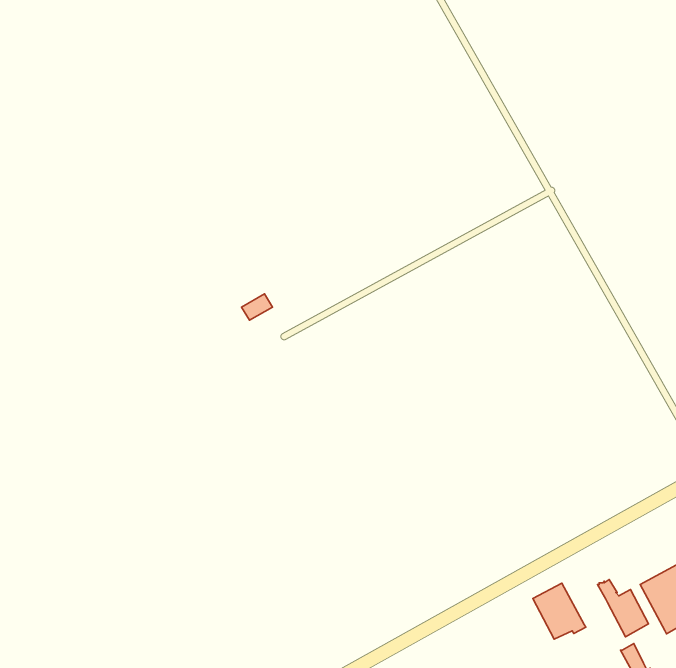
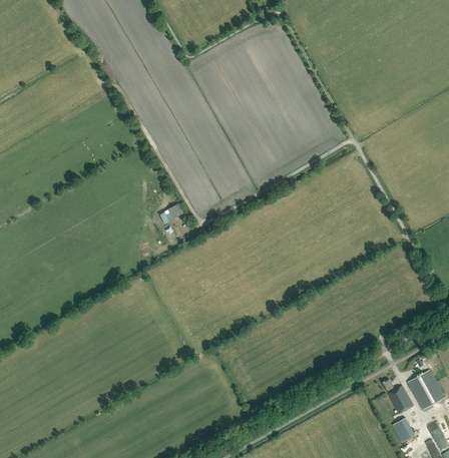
building: [533,583,586,639] -> none

